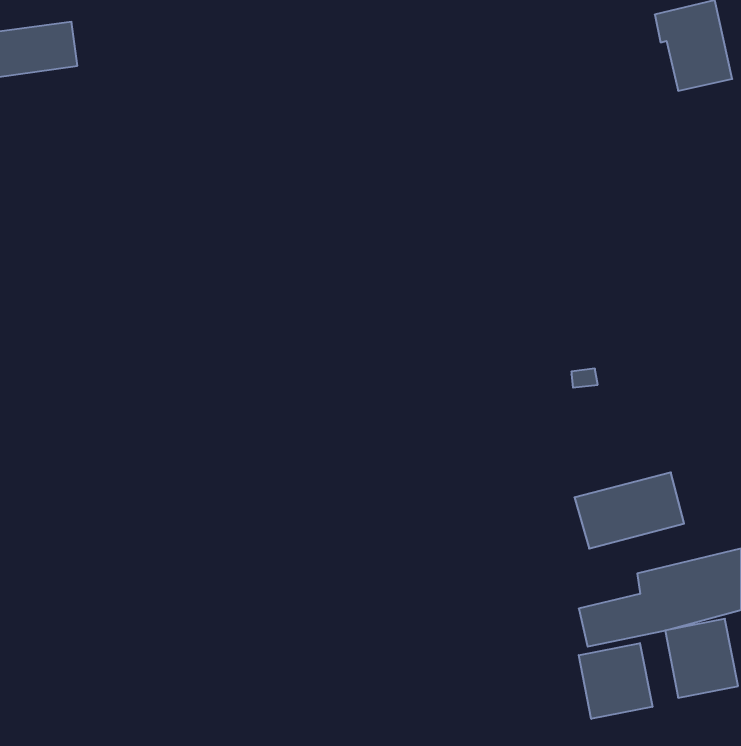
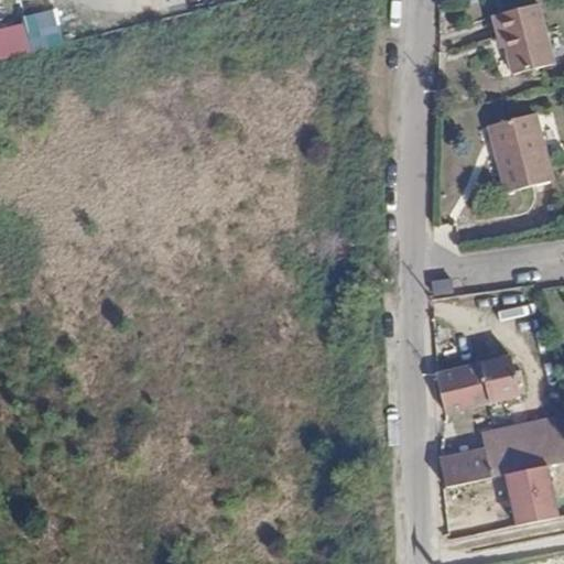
building: none -> [492,112,550,188]
building: [579,643,652,719] -> none

